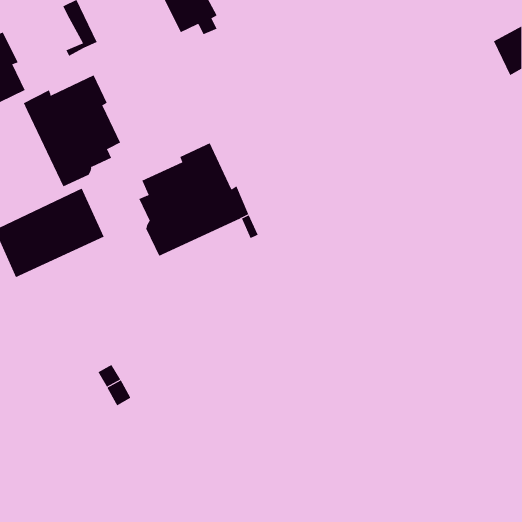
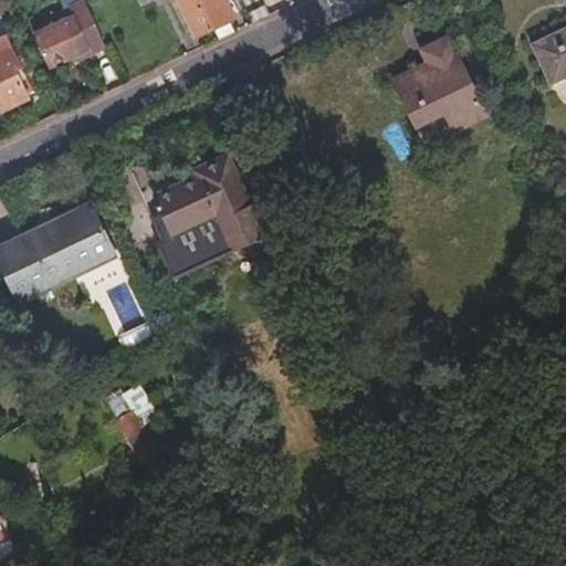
building: none -> [34,15,88,65]
building: none -> [392,35,484,129]
building: [23,75,121,187] -> none

